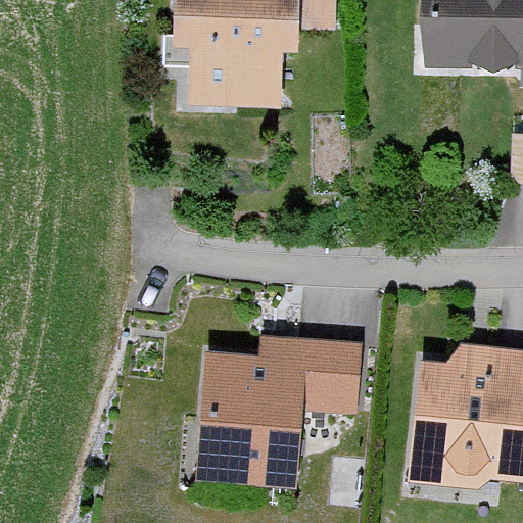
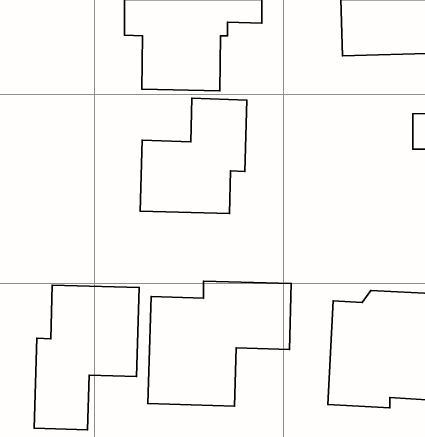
building: none -> [140,98,247,213]
building: none -> [34,285,139,430]

